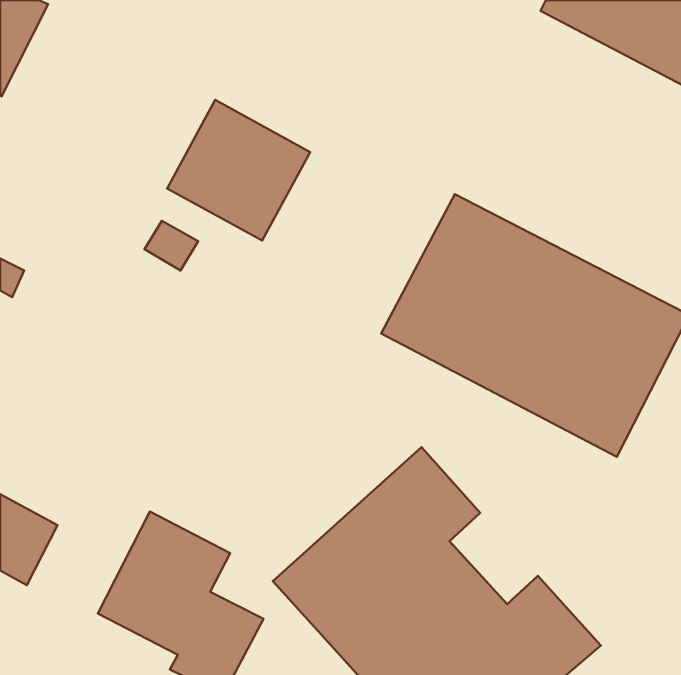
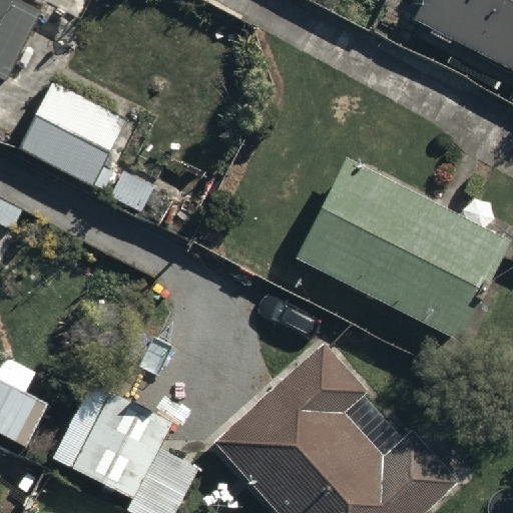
building: [167,100,310,241] -> [22,77,129,182]

